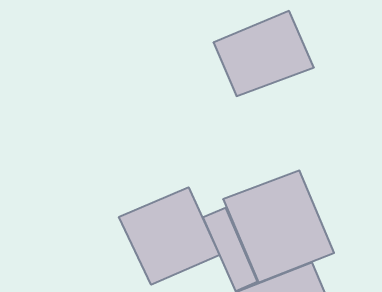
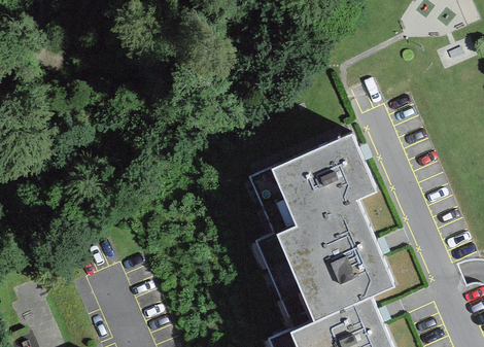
building: [213,11,314,96] -> [269,131,377,222]
building: [119,187,220,285] -> none

